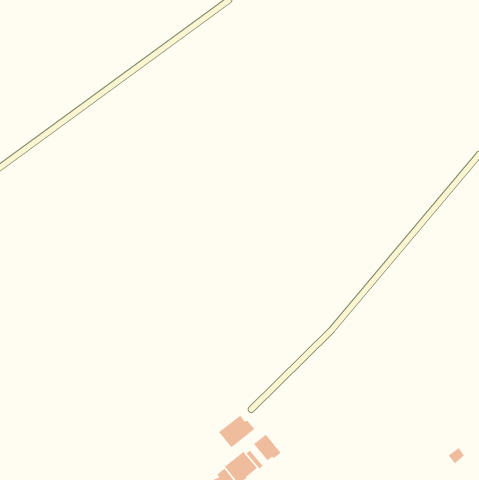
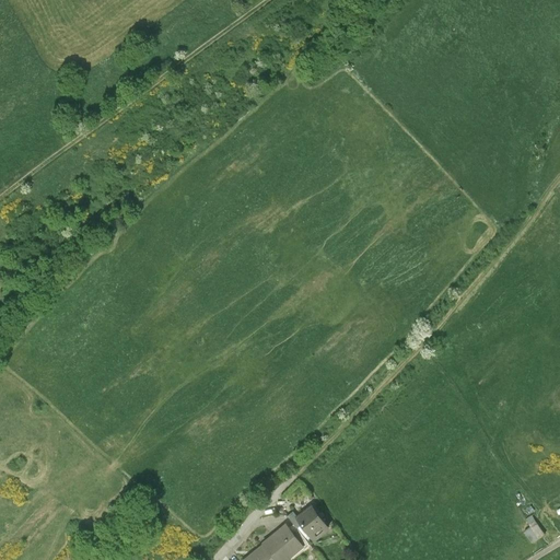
building: [218,415,255,448] -> none

